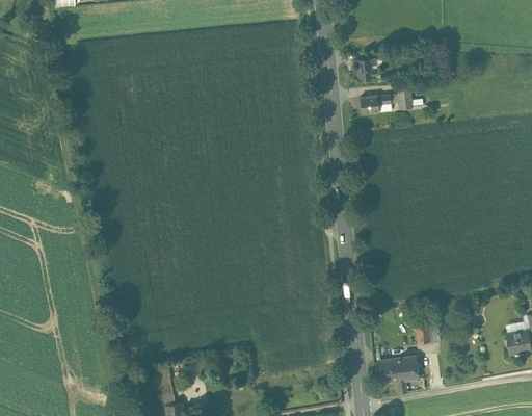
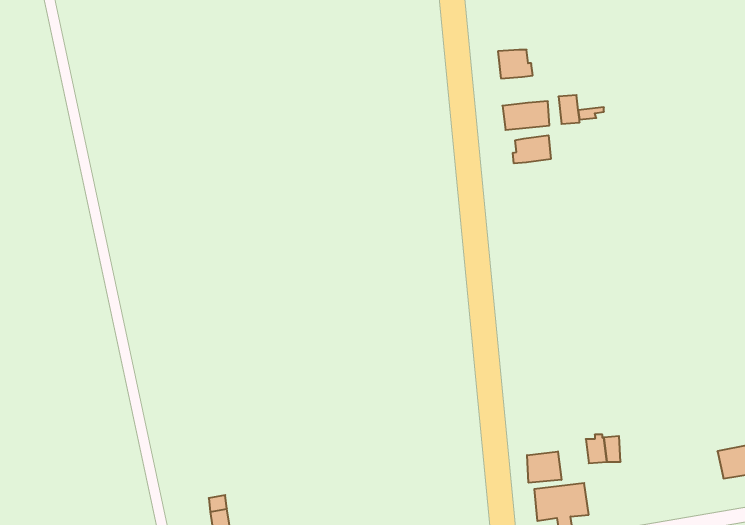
building: none -> [513,135,551,163]
building: none -> [527,451,561,483]

